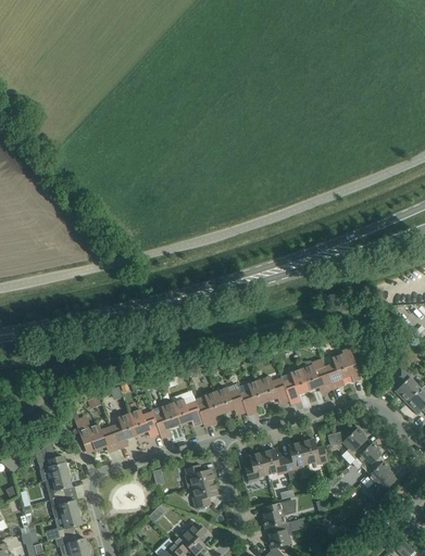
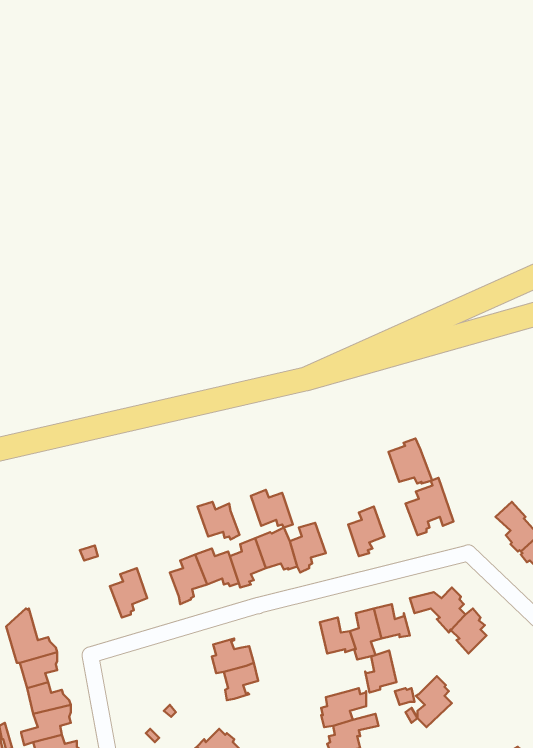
building: [301,358,333,391] -> [389,438,432,483]
building: [259,376,289,403] -> [251,490,293,527]
building: [129,409,160,437] -> [198,502,240,539]
building: [75,419,118,452] -> none
building: [245,452,267,482] -> [365,651,397,693]
building: [367,462,393,498] -> [416,676,452,727]

